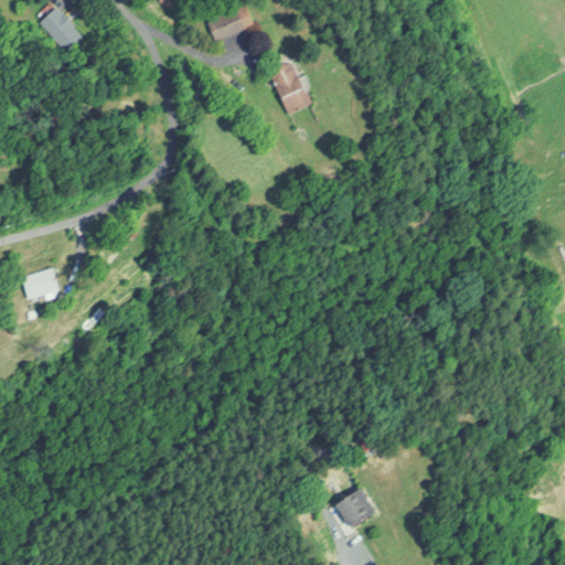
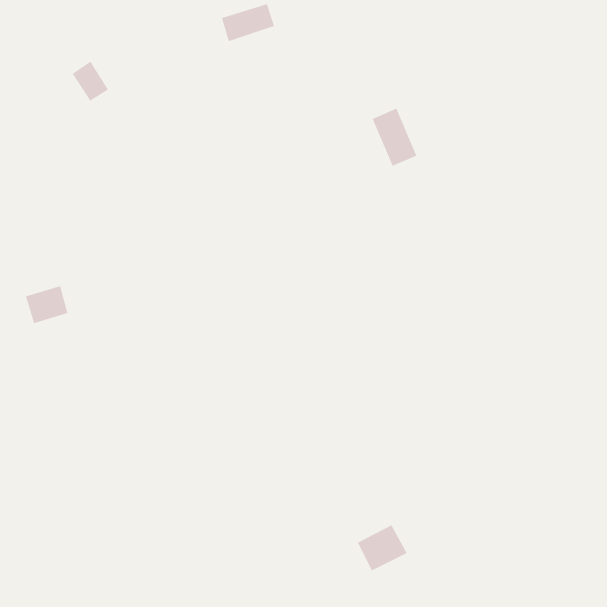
building: [40,10,74,47] -> [72,61,109,101]
building: [270,63,312,117] -> [372,108,417,167]

